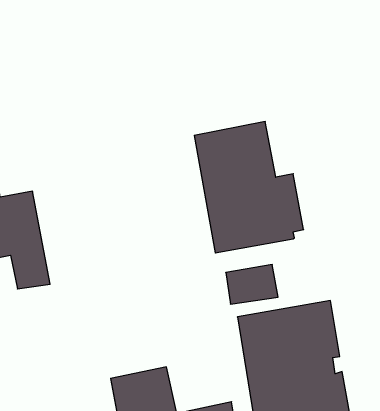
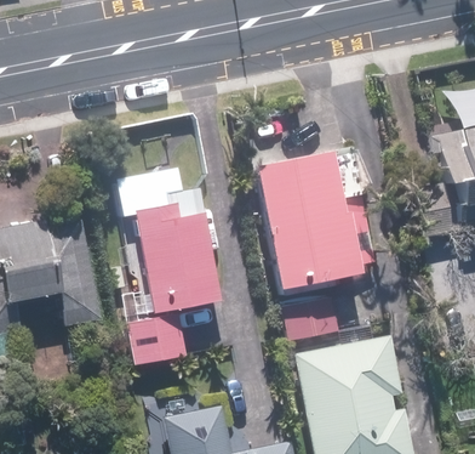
building: none -> [133,187,222,314]
building: none -> [127,313,185,364]

